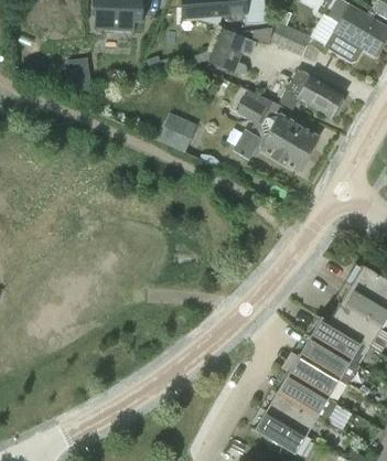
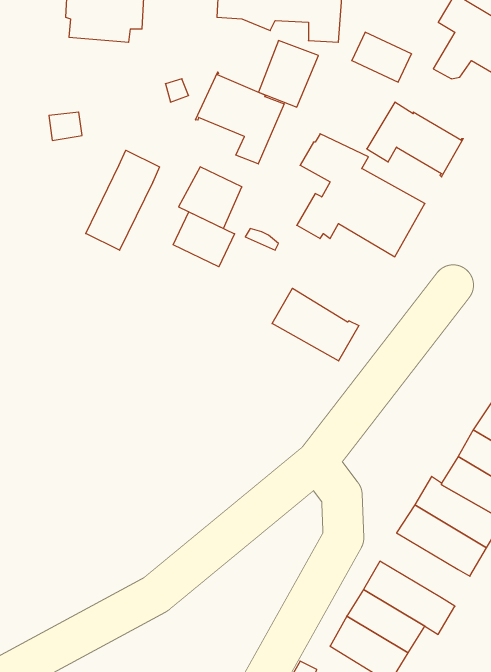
building: none -> [196,72,284,164]
building: none -> [86,150,160,250]
building: none -> [173,212,235,267]
building: none -> [272,288,359,361]
building: [288,355,340,398] -> none

